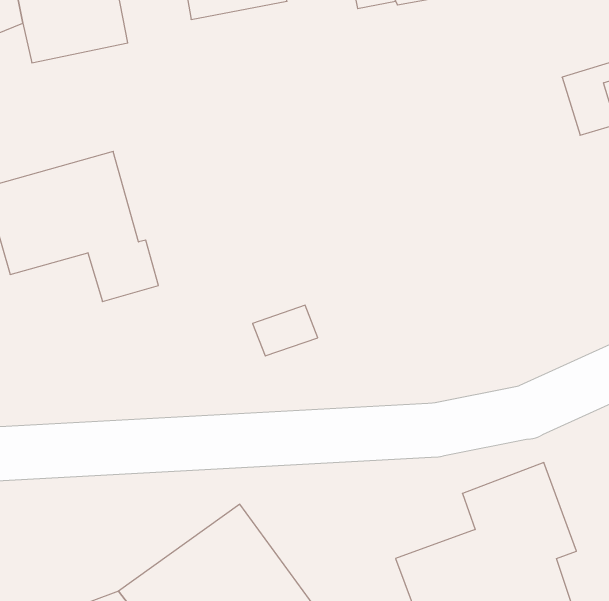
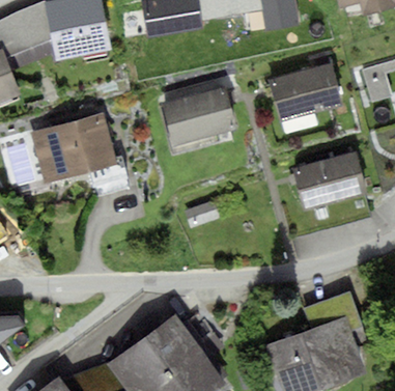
building: none -> [266,62,342,122]
building: none -> [161,86,237,147]
building: none -> [291,151,366,213]

